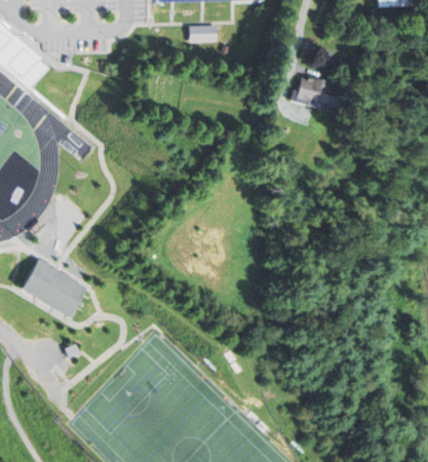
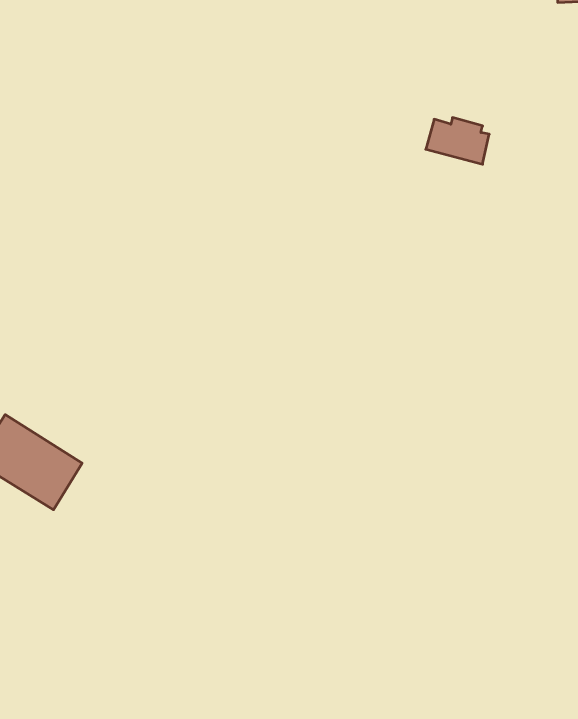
building: [190,28,218,42] -> none

